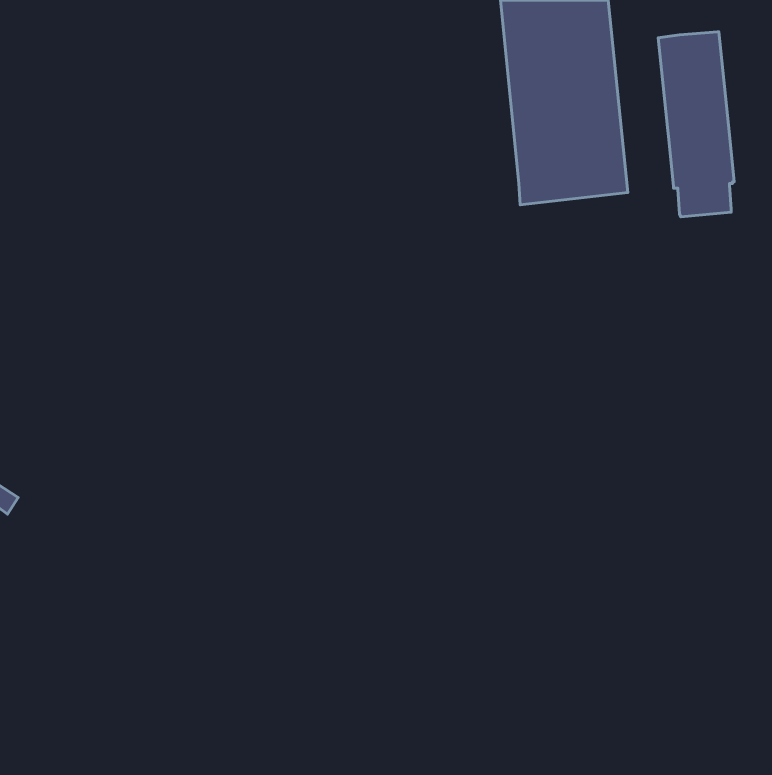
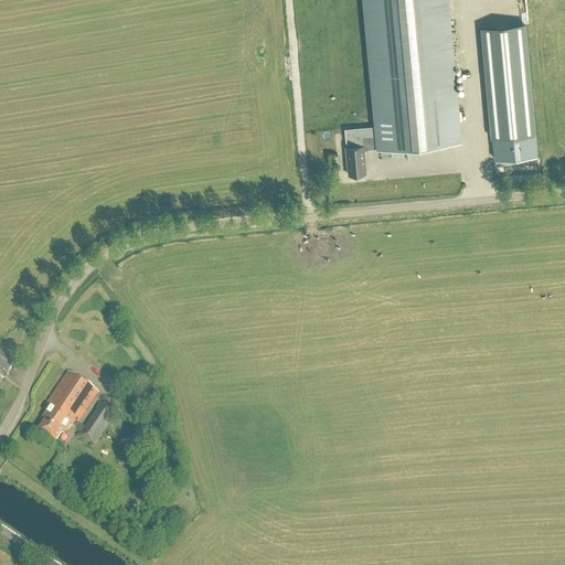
building: none -> [342,134,379,174]
building: none -> [35,374,111,447]

